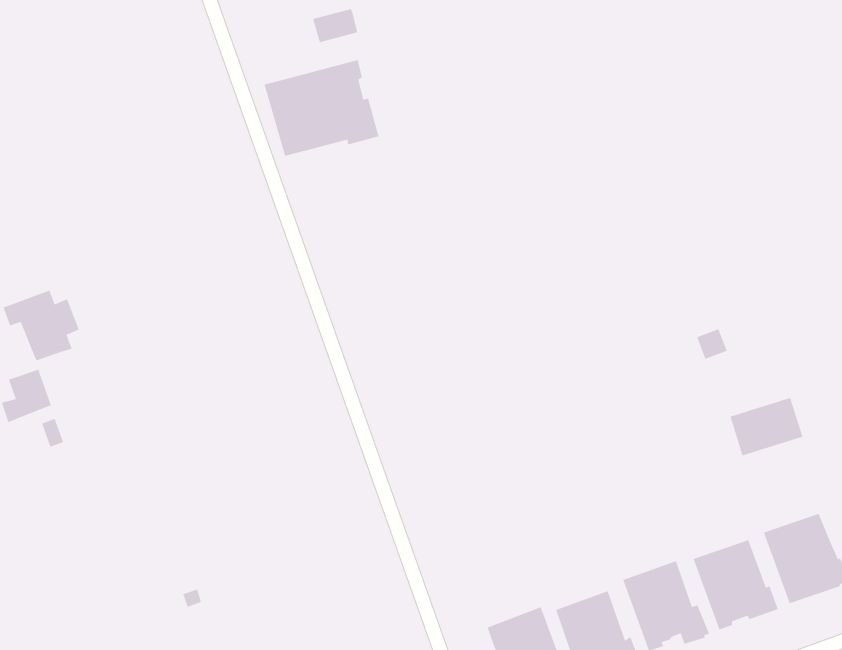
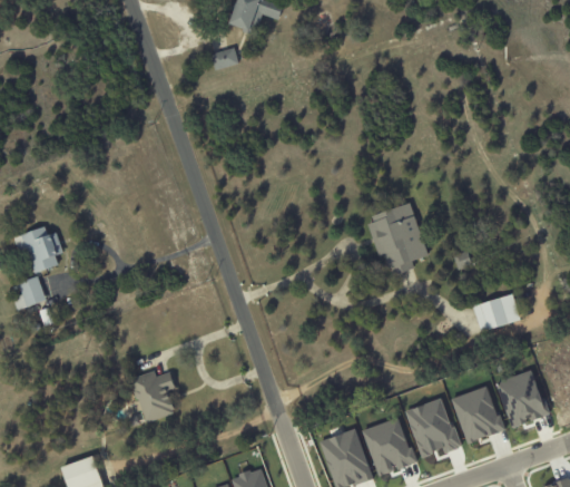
building: [264,59,380,157] -> none
building: none -> [366,203,428,275]
building: none -> [130,371,175,423]

